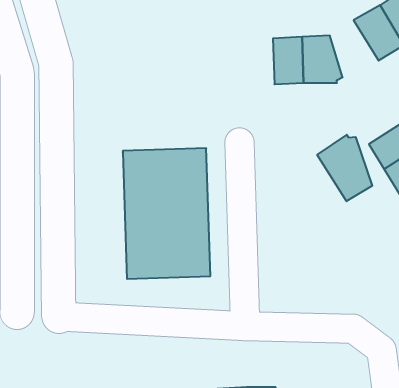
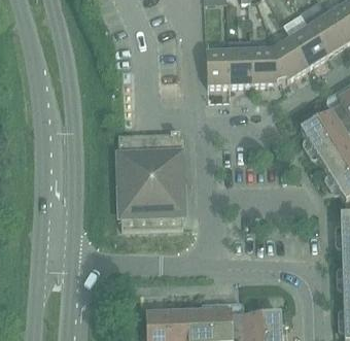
building: none -> [271,36,307,79]
building: none -> [206,49,230,84]
building: [317,135,372,201] -> none

